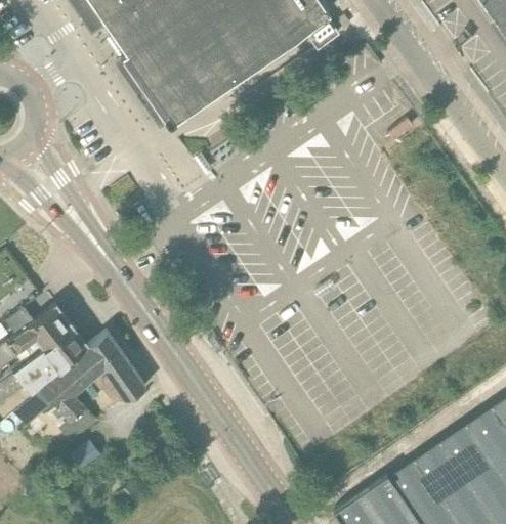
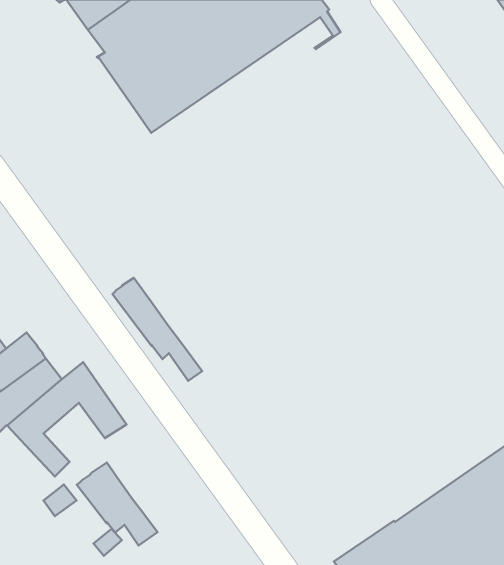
building: none -> [112,278,202,381]
building: none -> [77,463,158,546]

